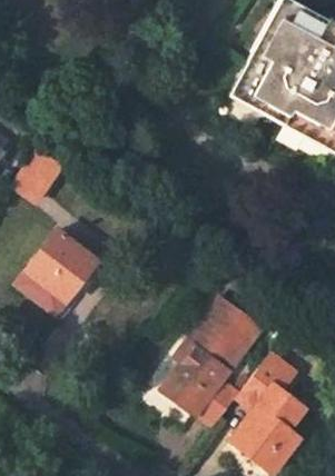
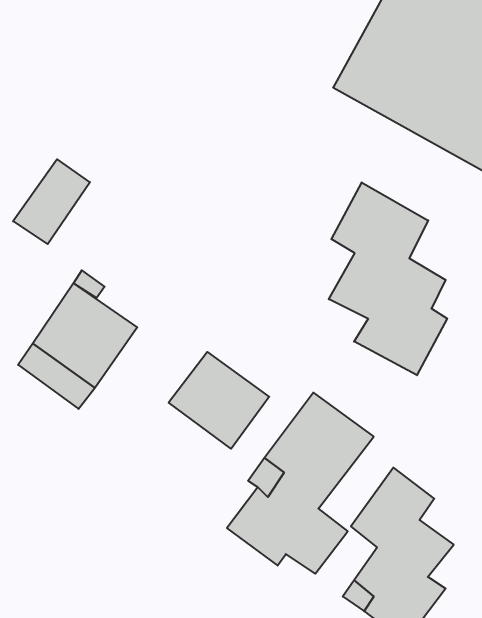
building: none -> [329,182,447,375]
building: none -> [169,352,269,449]

